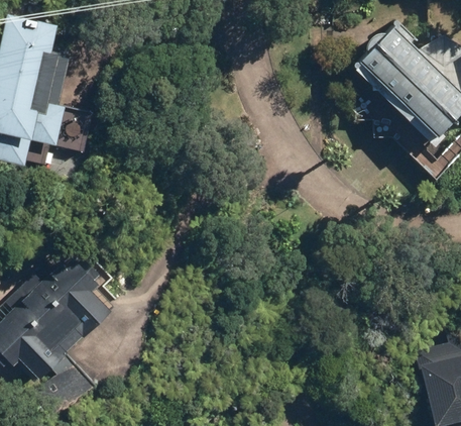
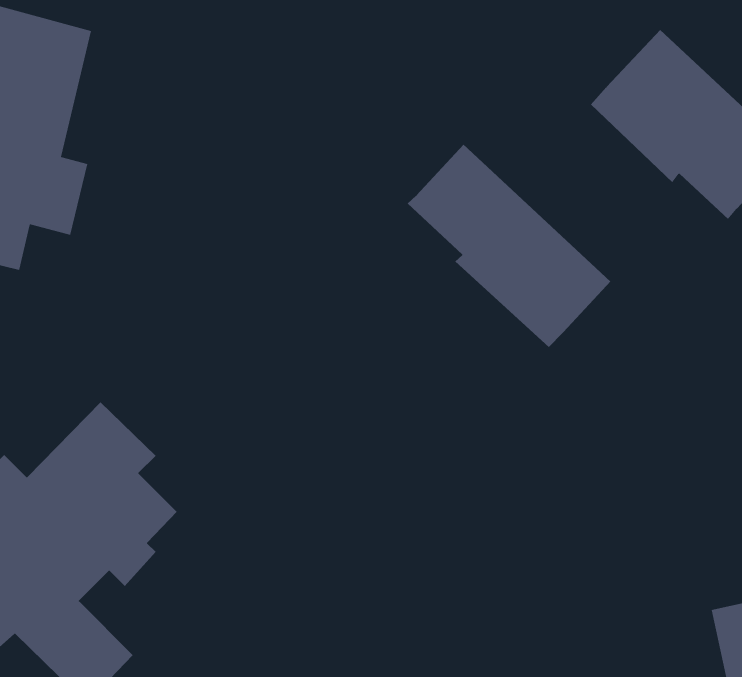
building: none -> [407,144,611,348]

